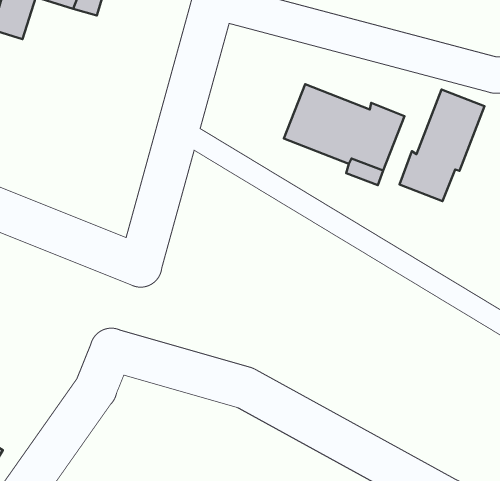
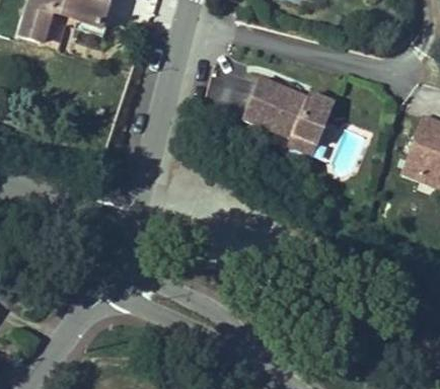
building: [399,90,485,201] -> none

